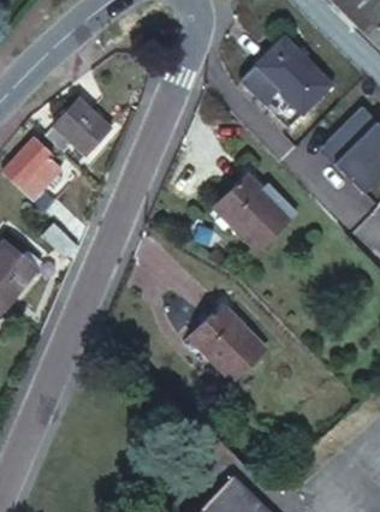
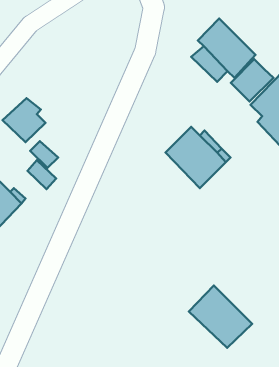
building: [60,90,115,145] -> none
building: none -> [231,59,274,101]
building: [188,308,267,386] -> [189,285,252,348]

